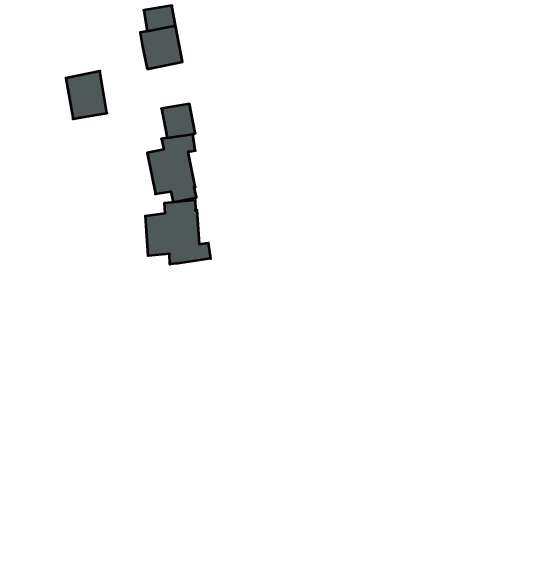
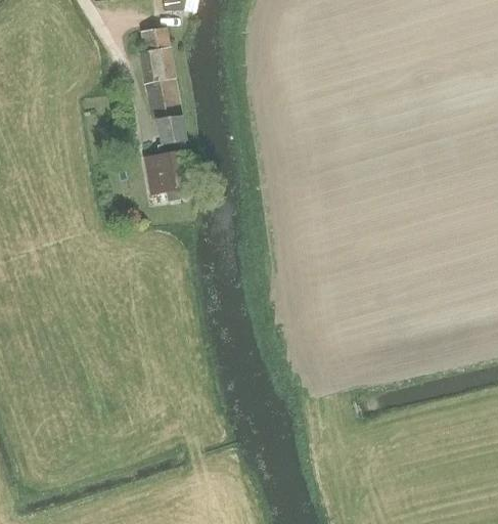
building: [66,71,107,119] -> [145,77,181,119]
building: [145,200,211,264] -> none

